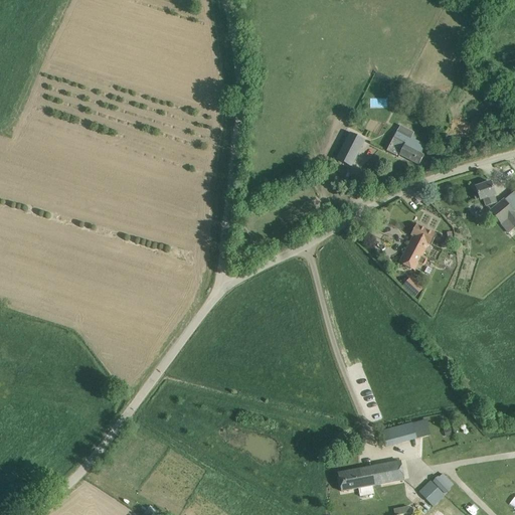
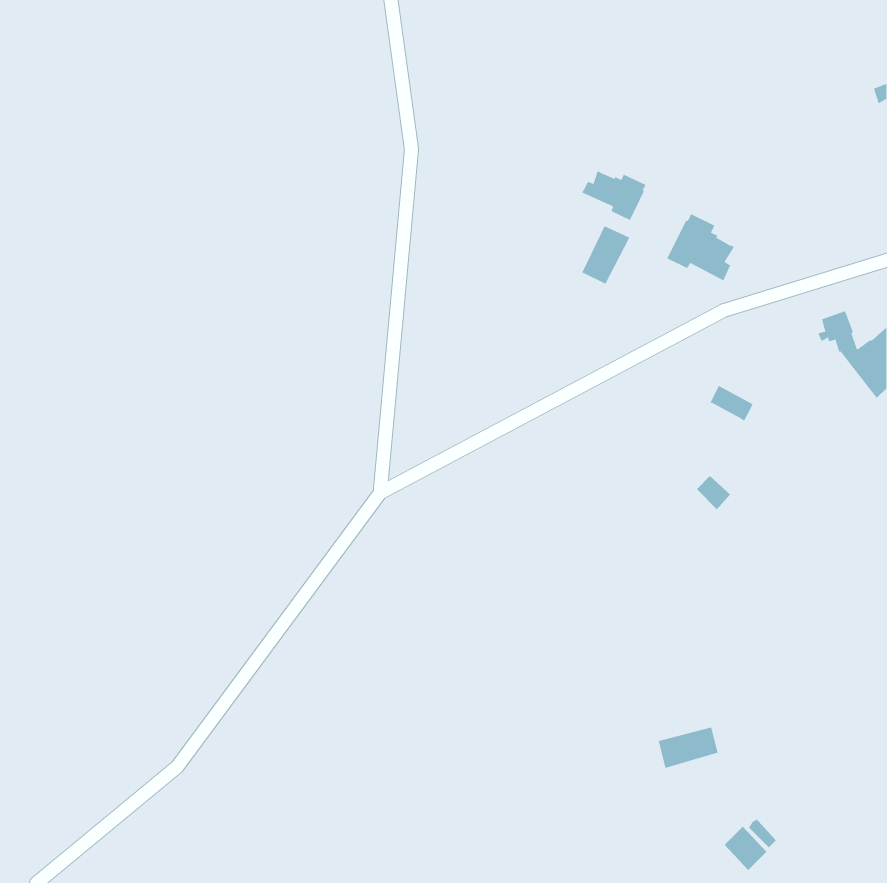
building: none -> [581,170,646,221]
building: [399,234,428,269] -> none
building: [338,460,404,495] -> none

